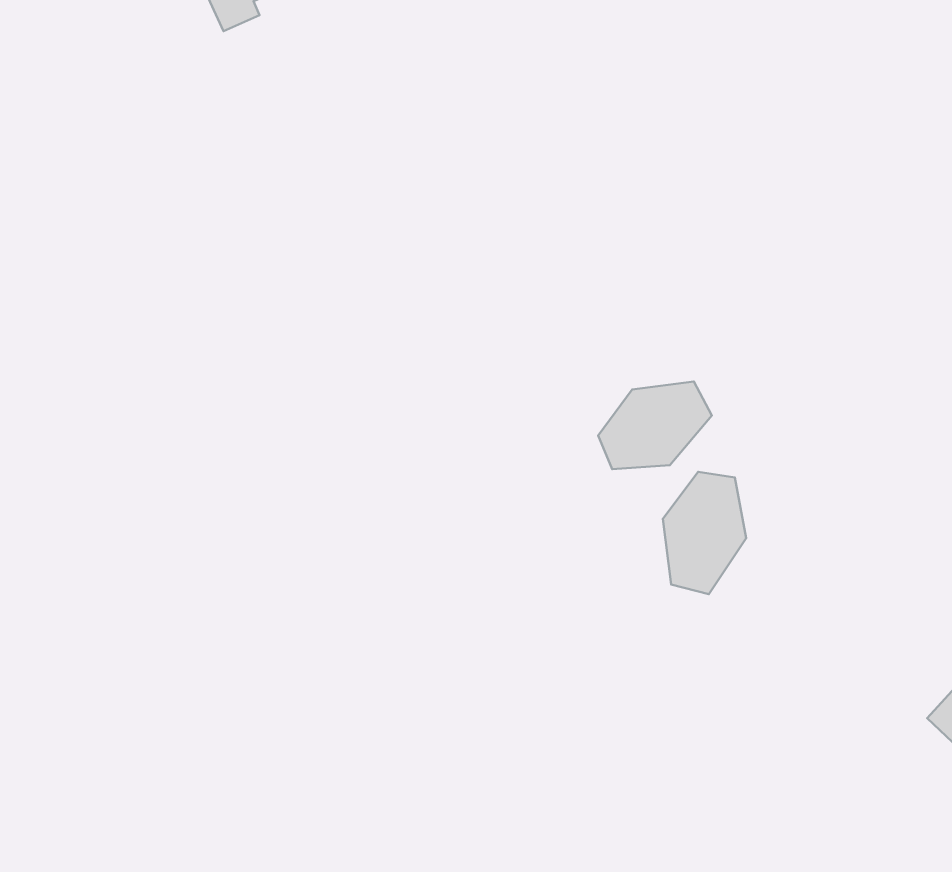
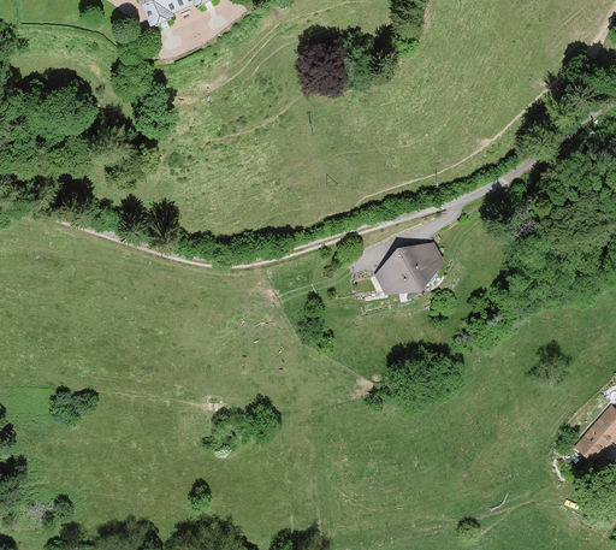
building: [663,472,746,594] -> none

